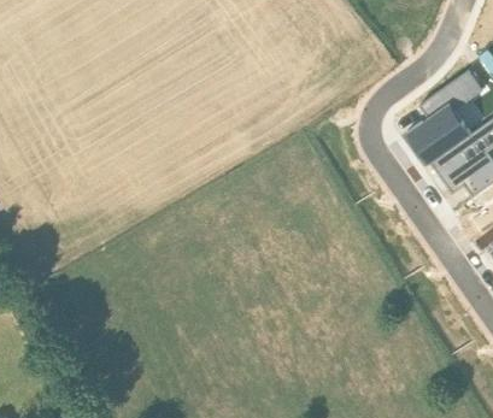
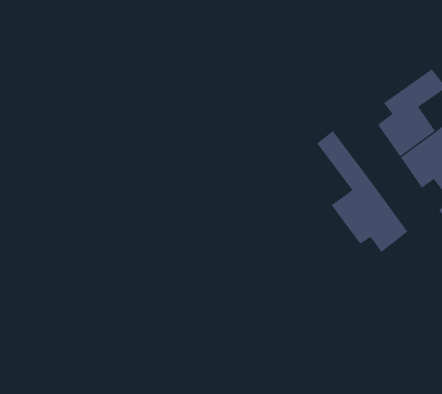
building: none -> [317,130,408,253]

